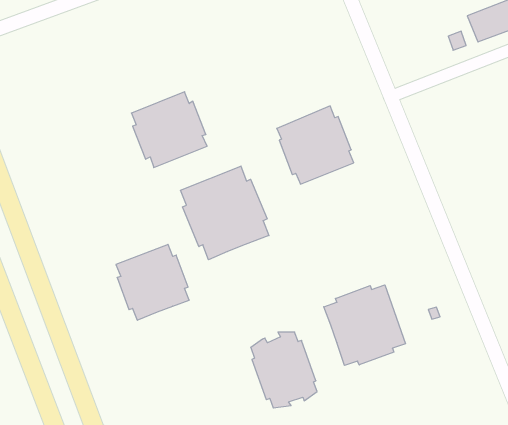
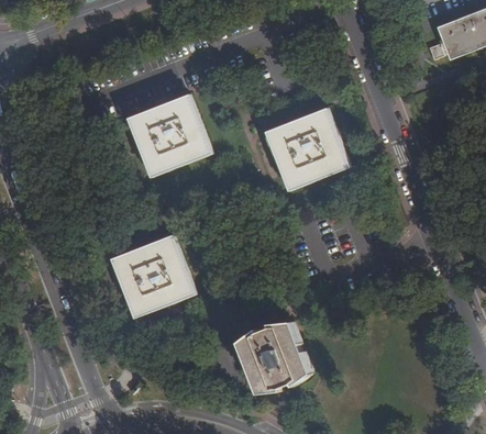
building: [181,166,269,260] -> none
building: [324,285,405,365] -> none

